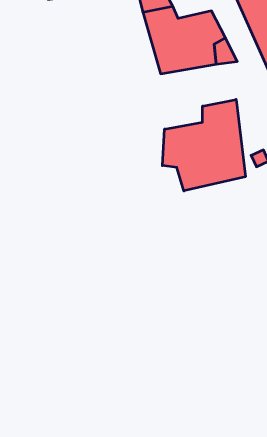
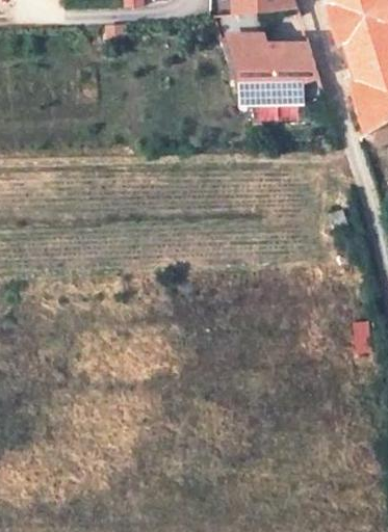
building: [162,99,245,191] -> none

